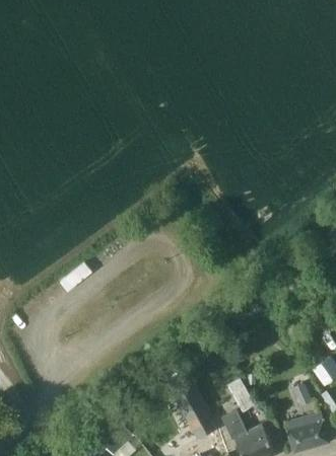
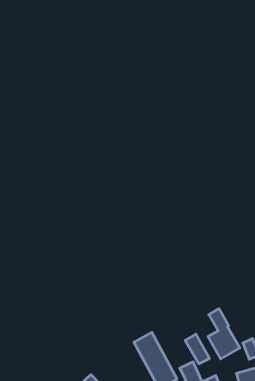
building: none -> [208,309,240,359]

